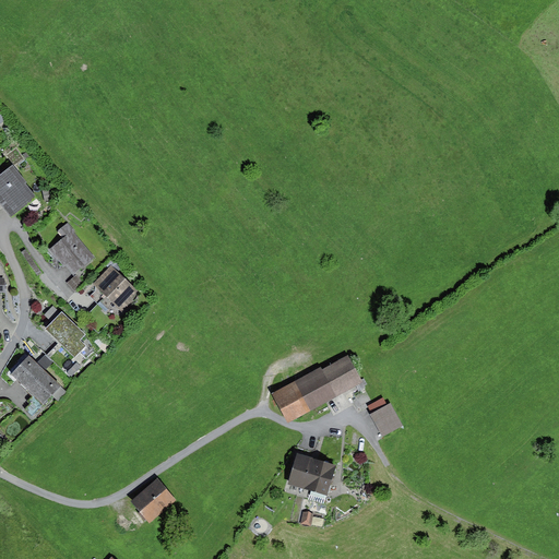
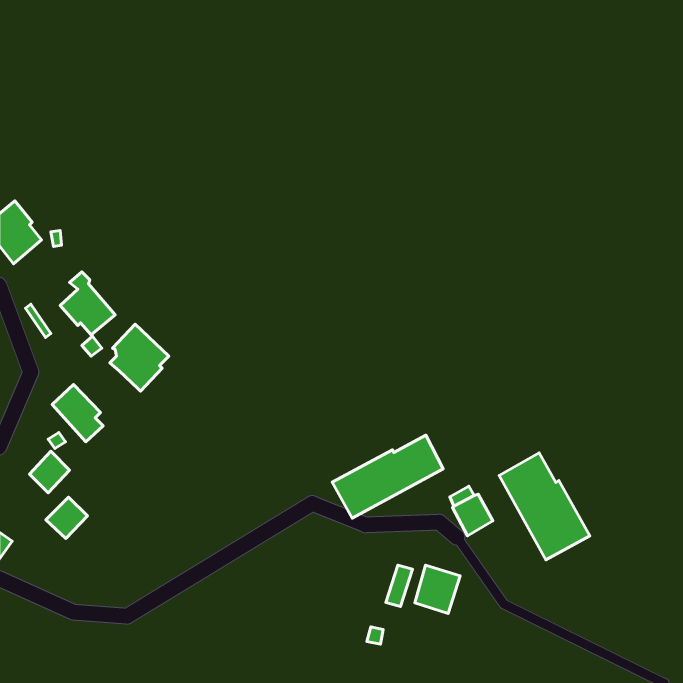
building: [8,353,41,386] -> [46,497,87,539]
building: none -> [499,453,590,560]
building: [287,452,324,491] -> [415,565,460,613]
building: [131,479,173,522] -> none

